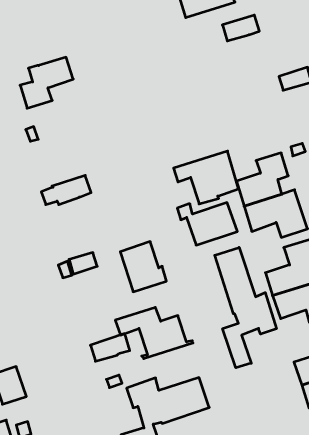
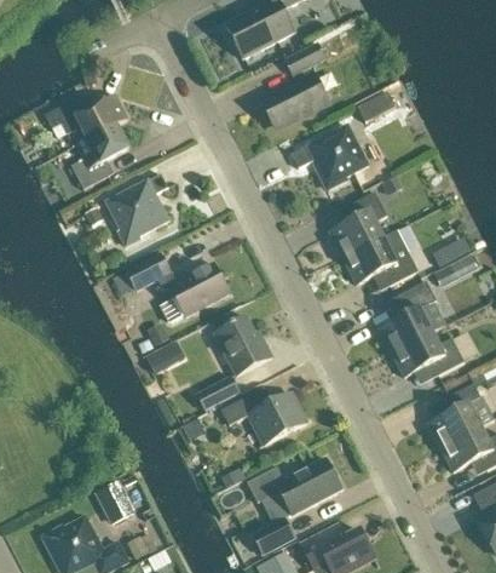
building: none -> [46,94,128,139]
building: none -> [264,76,325,127]
building: none -> [106,173,168,246]
building: [174,151,239,204] -> [292,125,368,189]
building: [177,203,237,245] -> [158,263,230,316]
building: [215,247,276,368] -> none
building: [90,334,130,361] -> [197,376,242,412]

